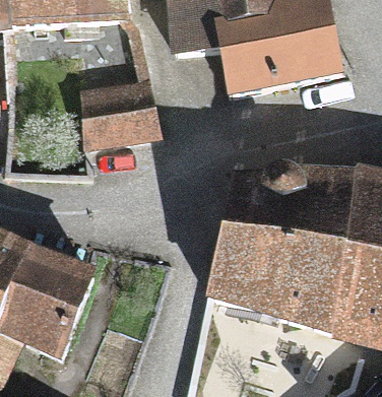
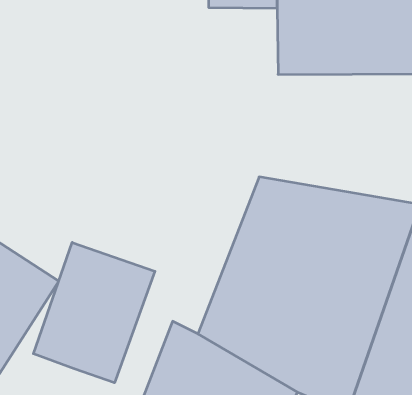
building: [77,84,157,153] -> none
building: none -> [33,242,155,383]

